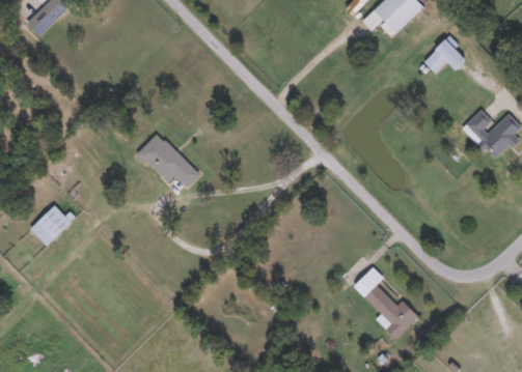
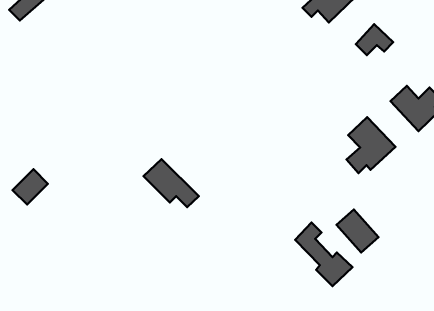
building: [137,132,200,187] -> [144,159,199,207]
building: none -> [347,117,395,173]
building: none -> [337,209,379,253]

